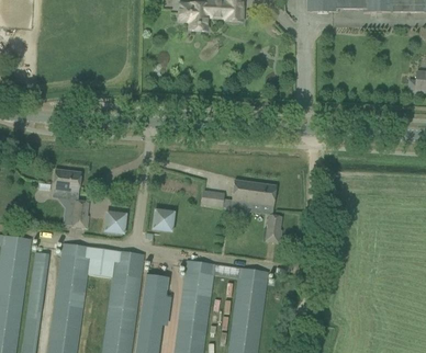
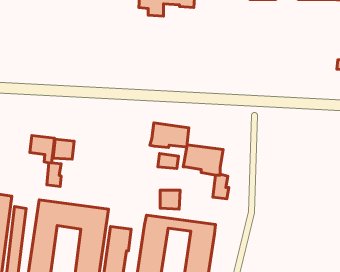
building: none -> [150,123,189,147]
building: [154,209,177,231] -> [160,190,180,209]
building: [104,210,128,234] -> [53,139,74,159]

